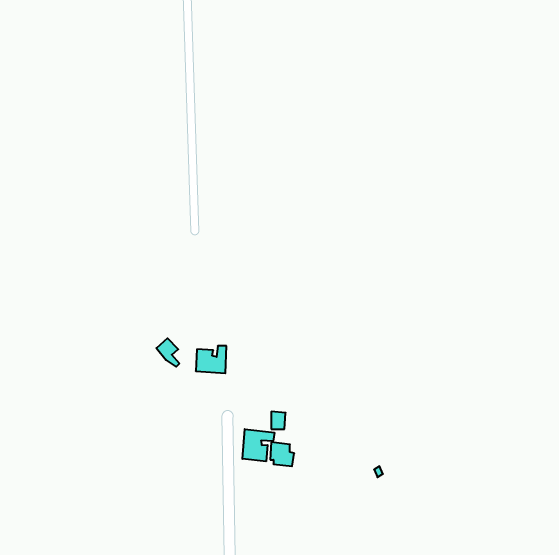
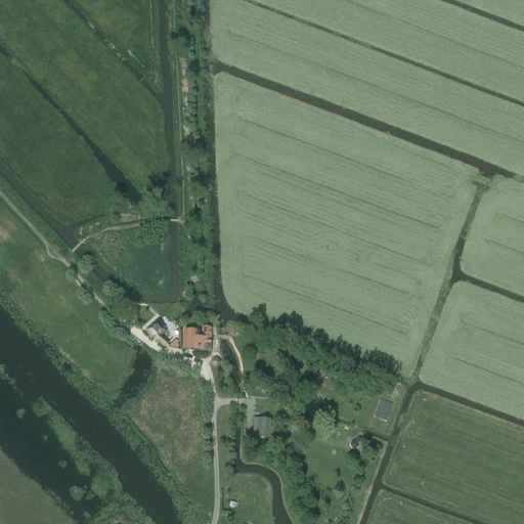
building: [242,429,274,461] -> none

